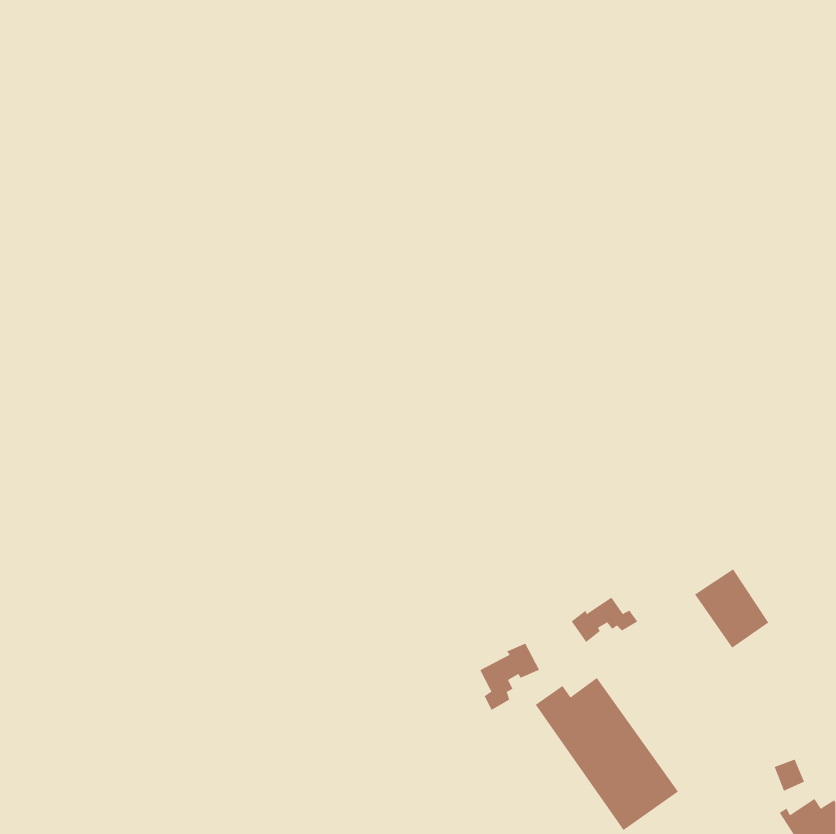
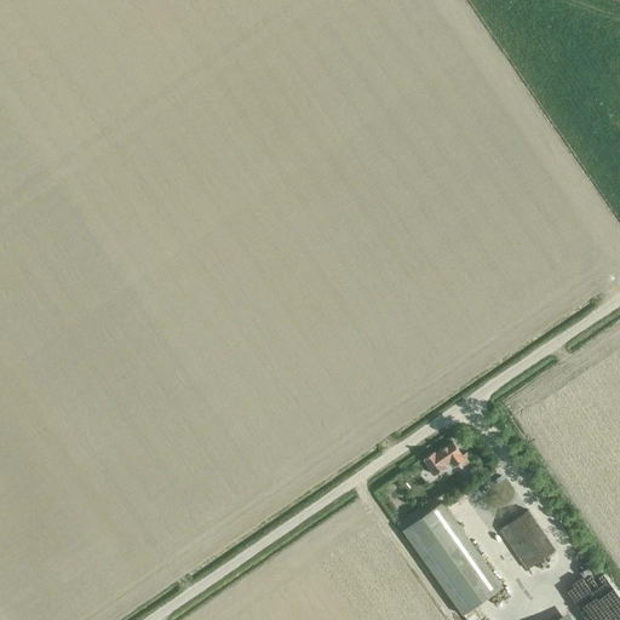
building: [694,568,769,649] -> [499,511,555,570]
building: [480,643,540,711] -> none

